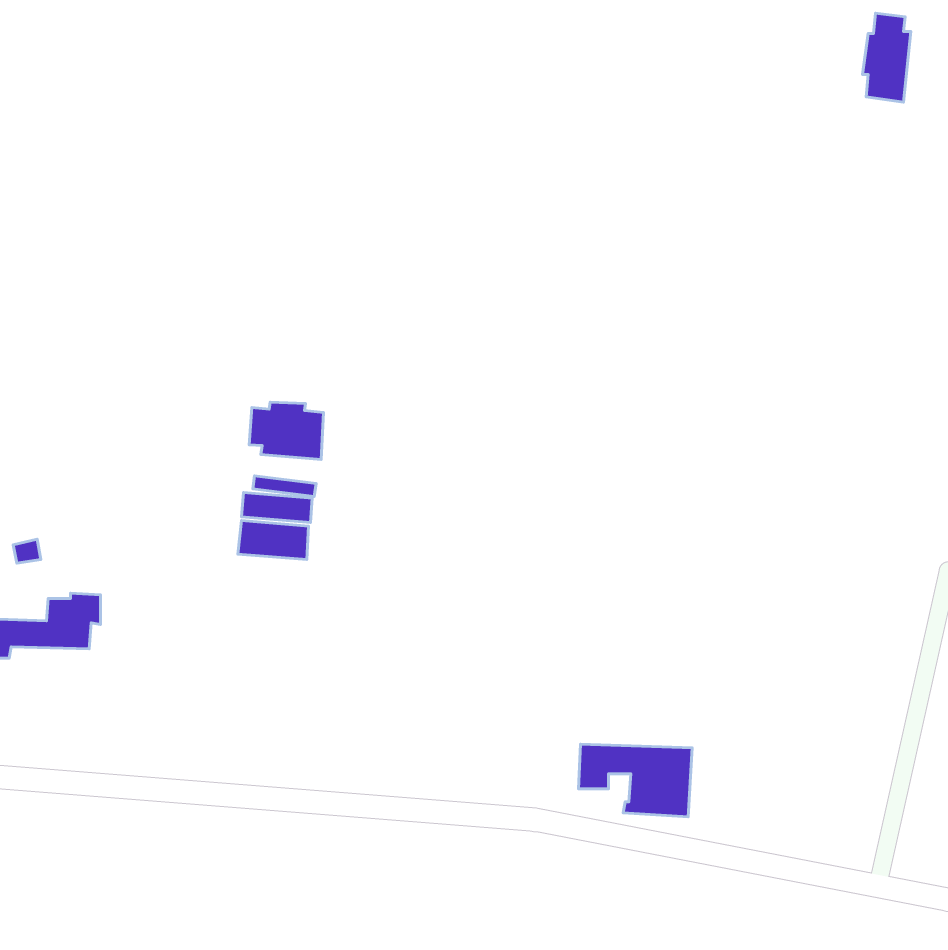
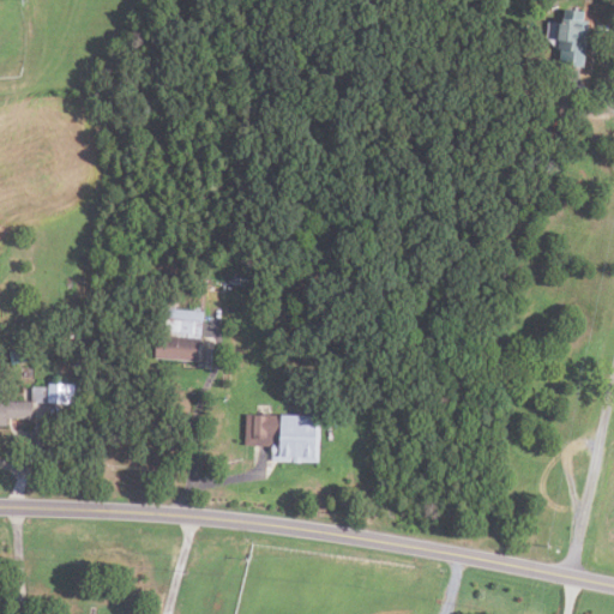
building: [249,402,324,459] -> none
building: [579,744,692,817] -> [246,415,319,462]

